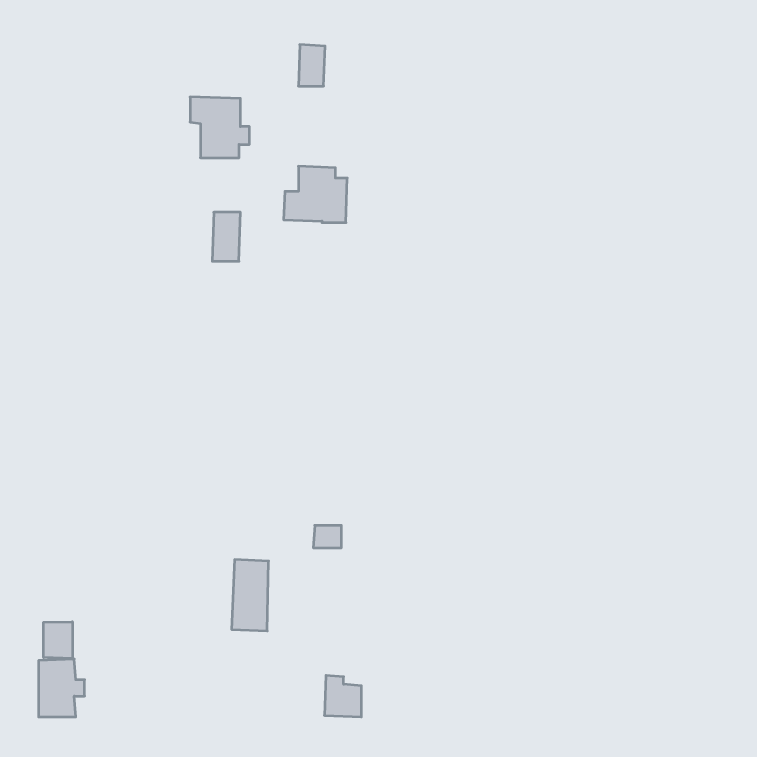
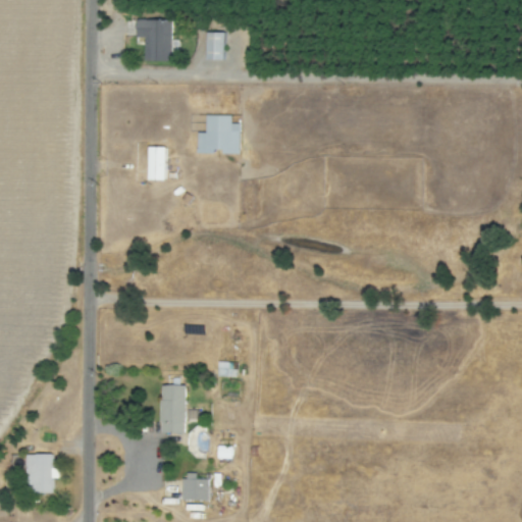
building: [190,97,249,158] -> [138,19,178,61]
building: [44,622,72,658] -> none
building: [324,675,361,717] -> [182,473,208,502]

